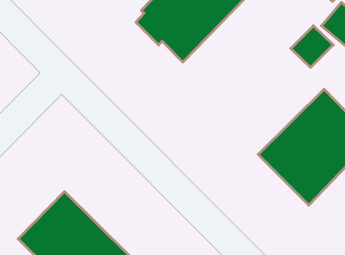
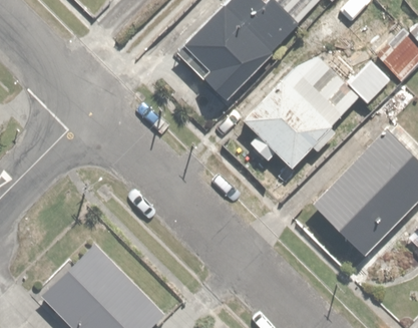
building: none -> [244,53,357,168]

